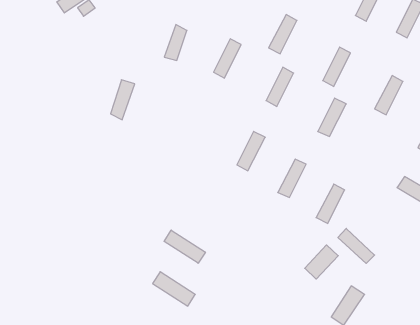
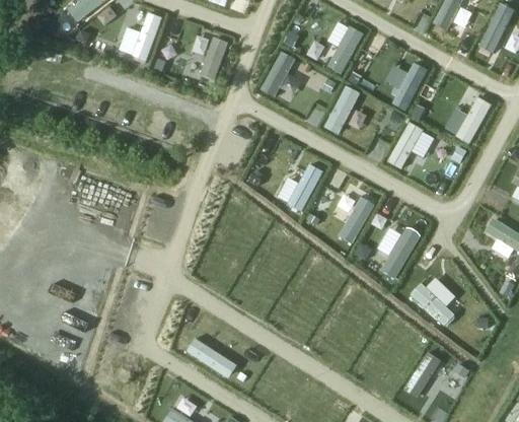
building: [111,80,135,120] -> [133,10,162,59]
building: [164,230,205,263] -> none
building: [305,245,338,279] -> none

